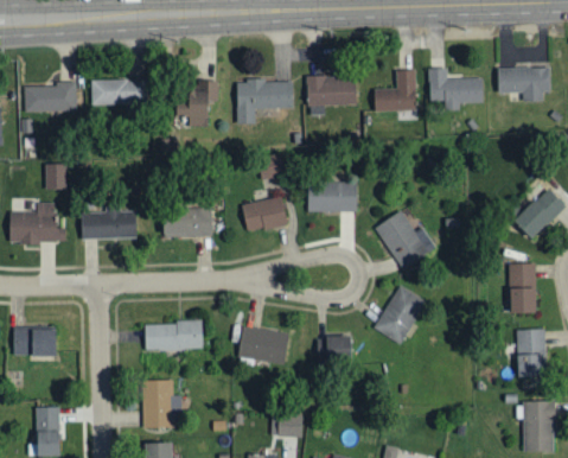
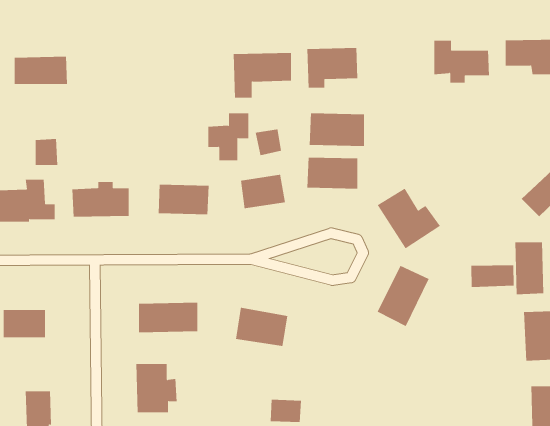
building: [375,69,416,110] -> none
building: [91,78,148,104] -> none
building: [178,79,218,126] -> [207,113,249,161]
building: none -> [309,113,365,147]
building: none -> [471,264,514,288]
building: [317,336,351,361] -> none

